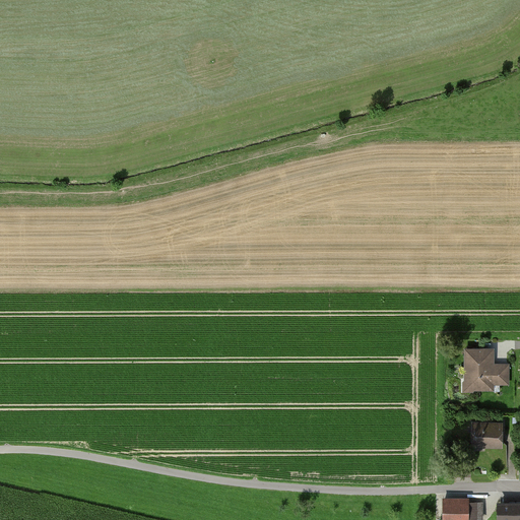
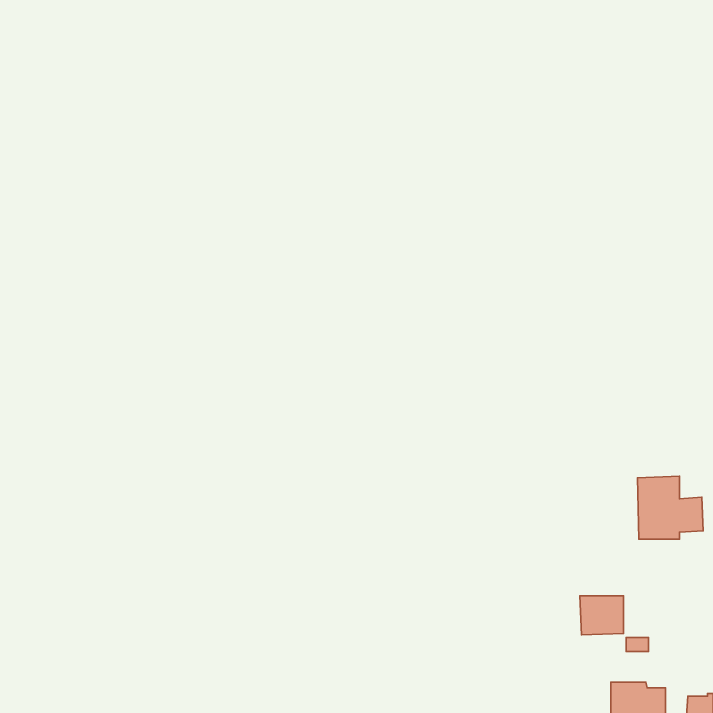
building: [470,420,502,449] -> [580,596,623,635]

